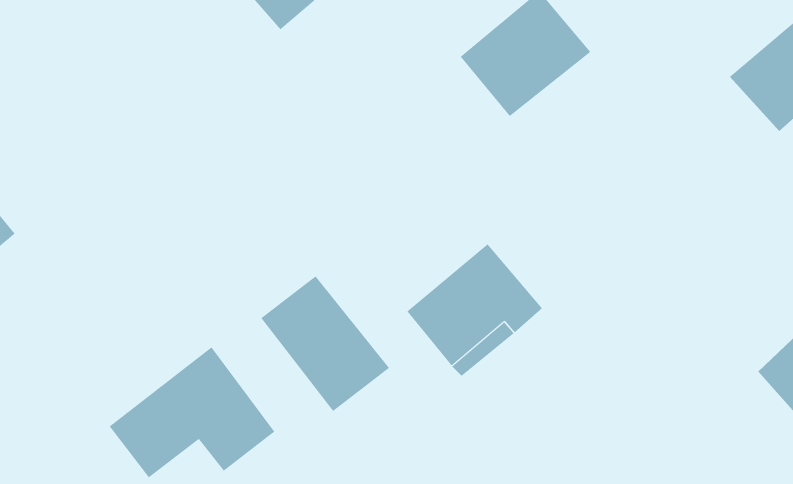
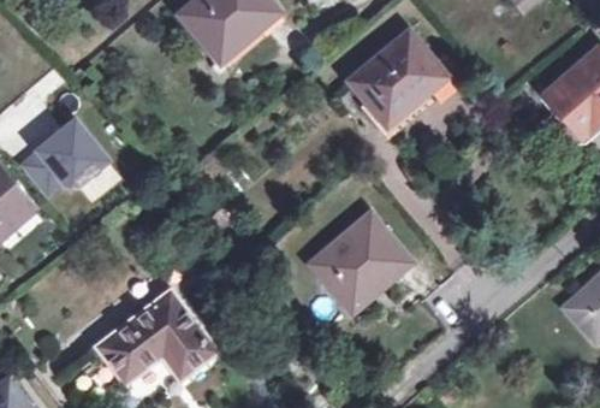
building: none -> [23,120,105,191]
building: [260,275,390,412] -> none

